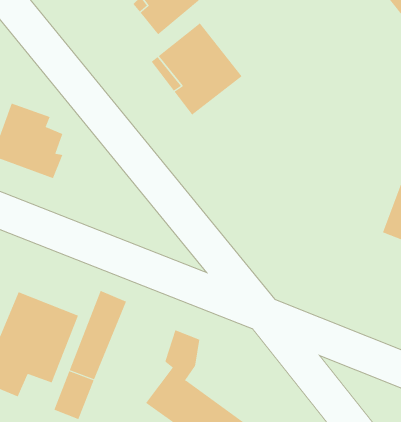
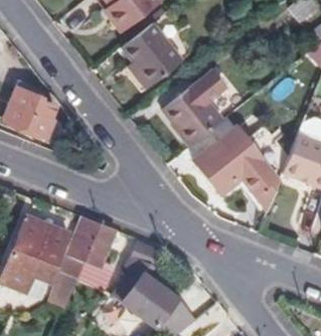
building: none -> [163,70,226,146]
building: none -> [193,125,281,210]
building: none -> [78,222,116,289]

